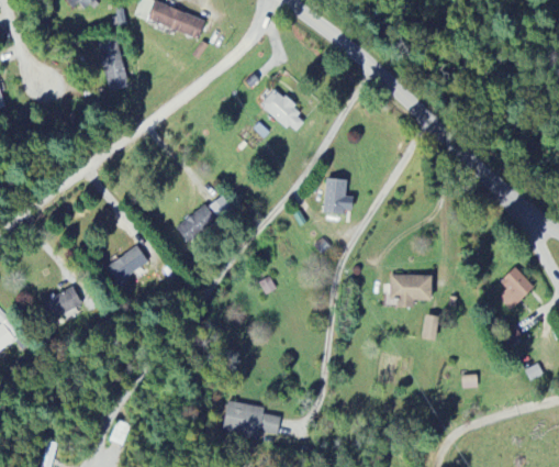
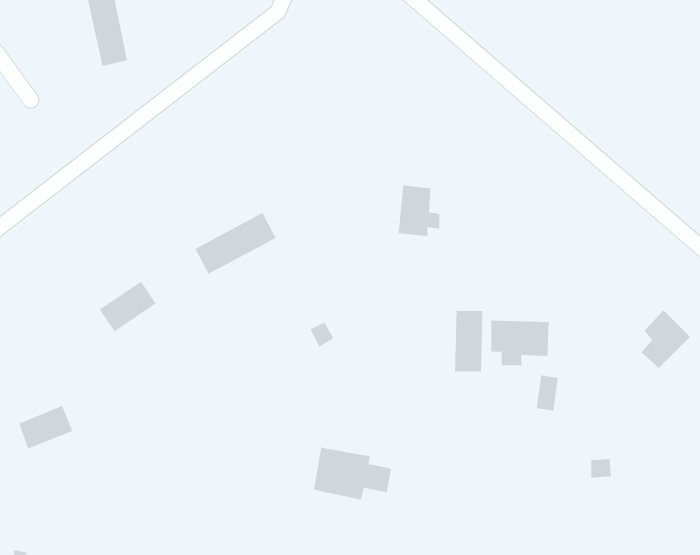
building: [260,88,306,132] -> none
building: none -> [455,310,483,372]
building: [42,287,81,319] -> [19,405,73,449]
building: [223,400,280,438] -> [313,447,392,500]

